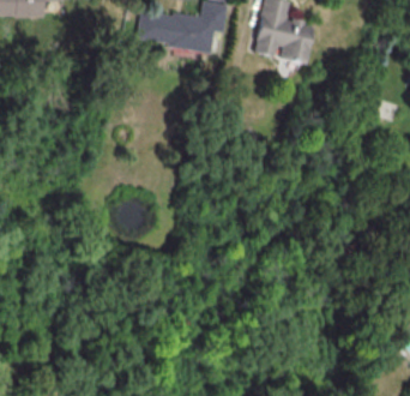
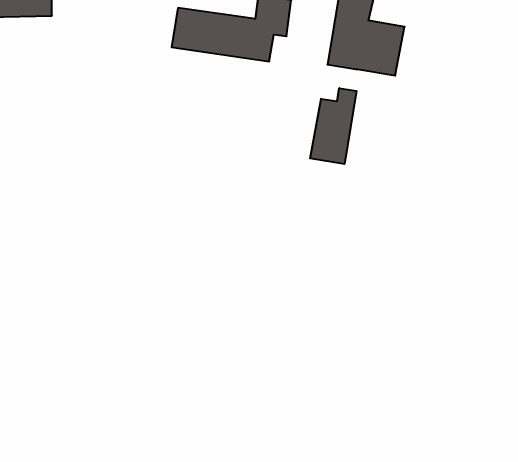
building: none -> [310,88,356,164]

